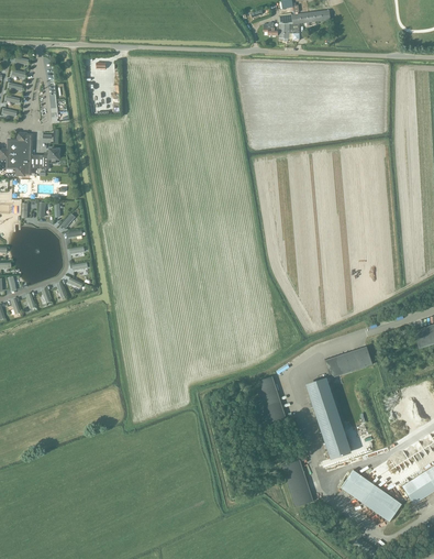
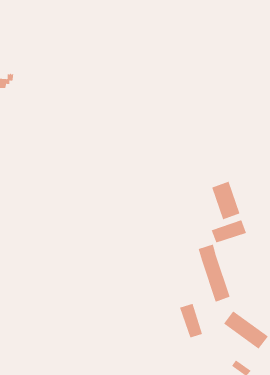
building: none -> [211,181,240,220]
building: [254,375,286,424] -> none

